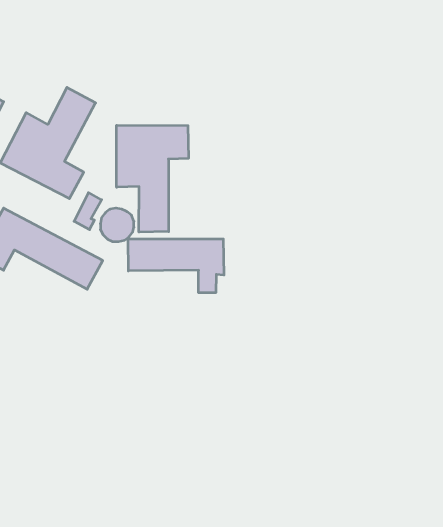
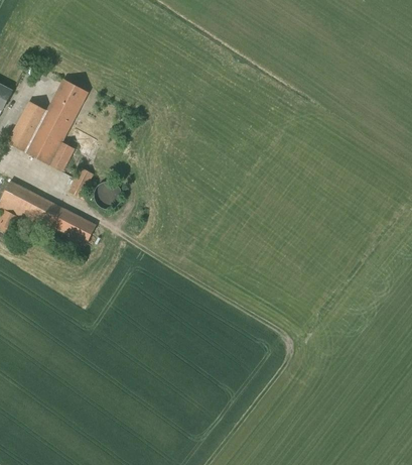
building: [117,125,188,232] -> none
building: [128,239,224,293] -> none

